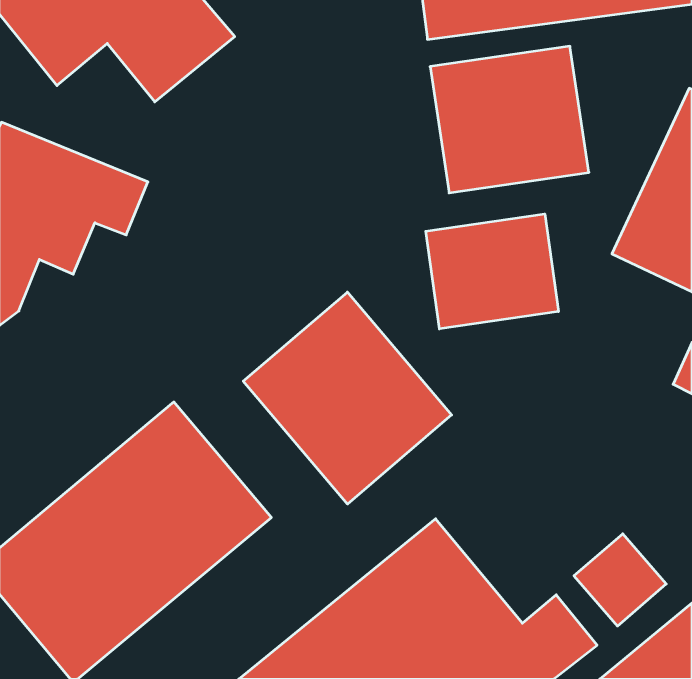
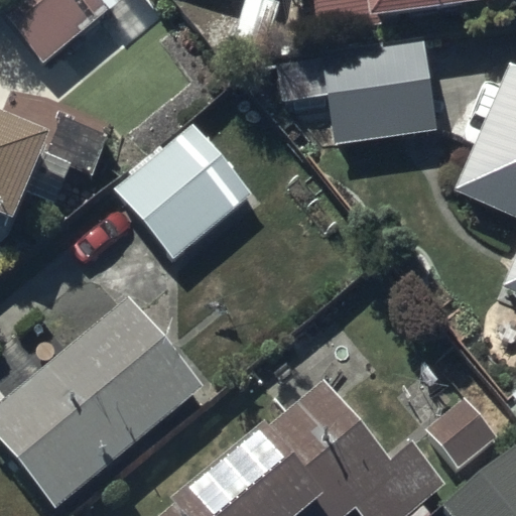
building: none -> [115,131,241,257]
building: [426,214,558,329] -> none
building: [243,292,452,504] -> none

